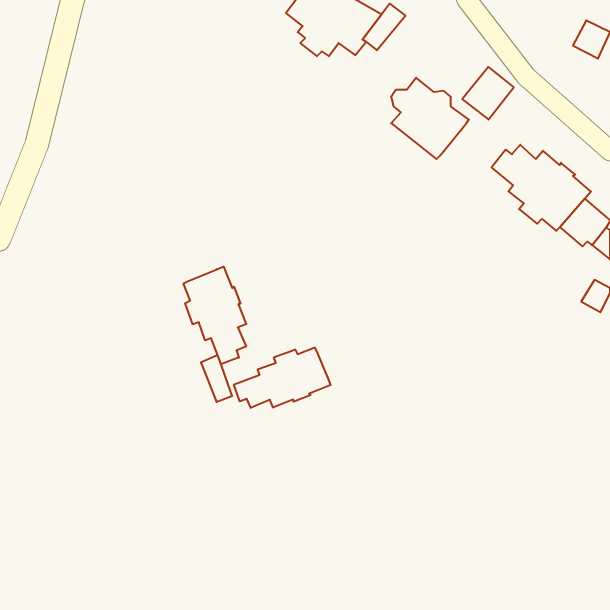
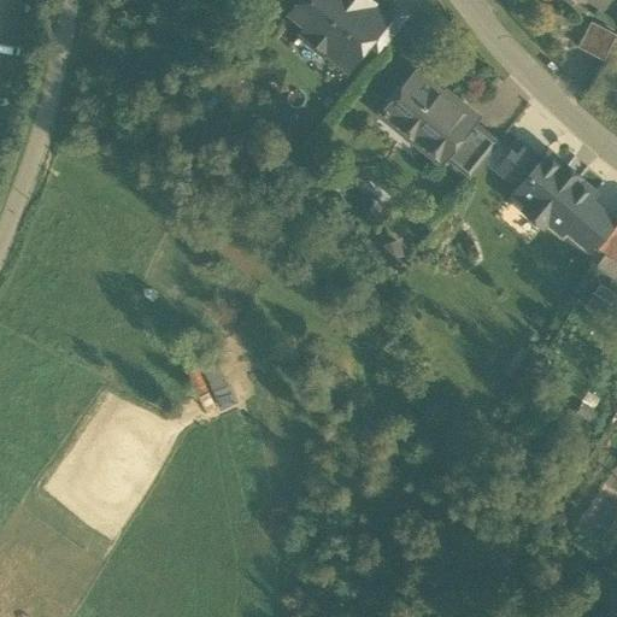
building: [462,67,514,120] -> [443,124,495,177]
building: [184,267,246,364] -> none
building: [234,348,331,408] -> none

